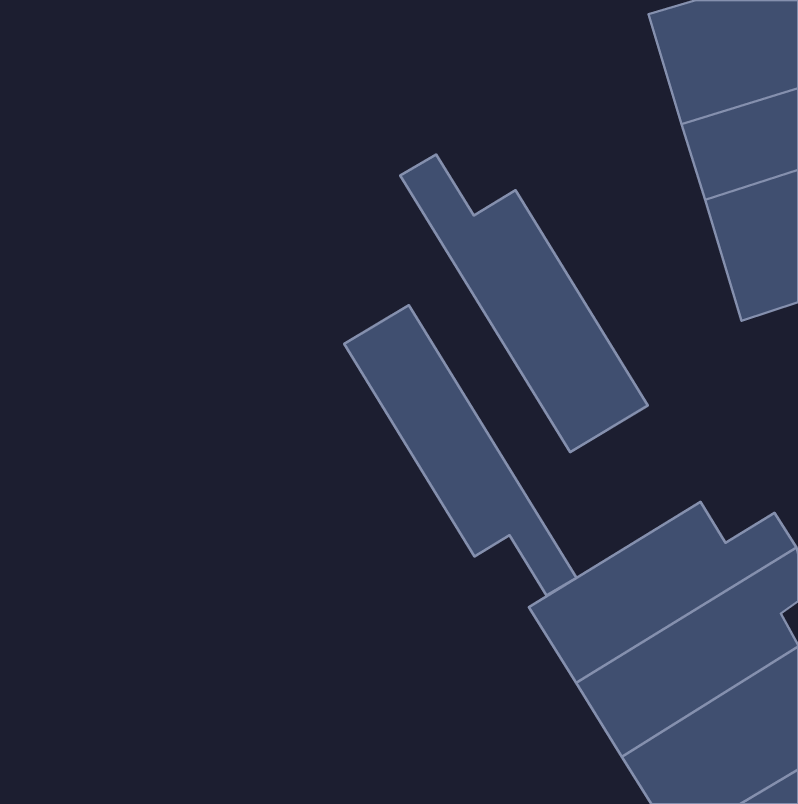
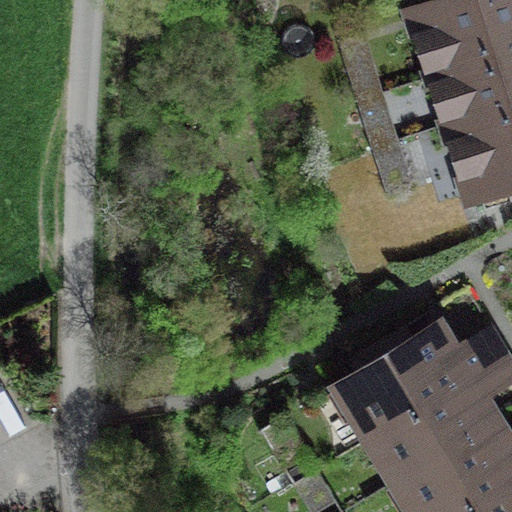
building: [400,154,648,452] -> none
building: [344,305,577,596] -> none

